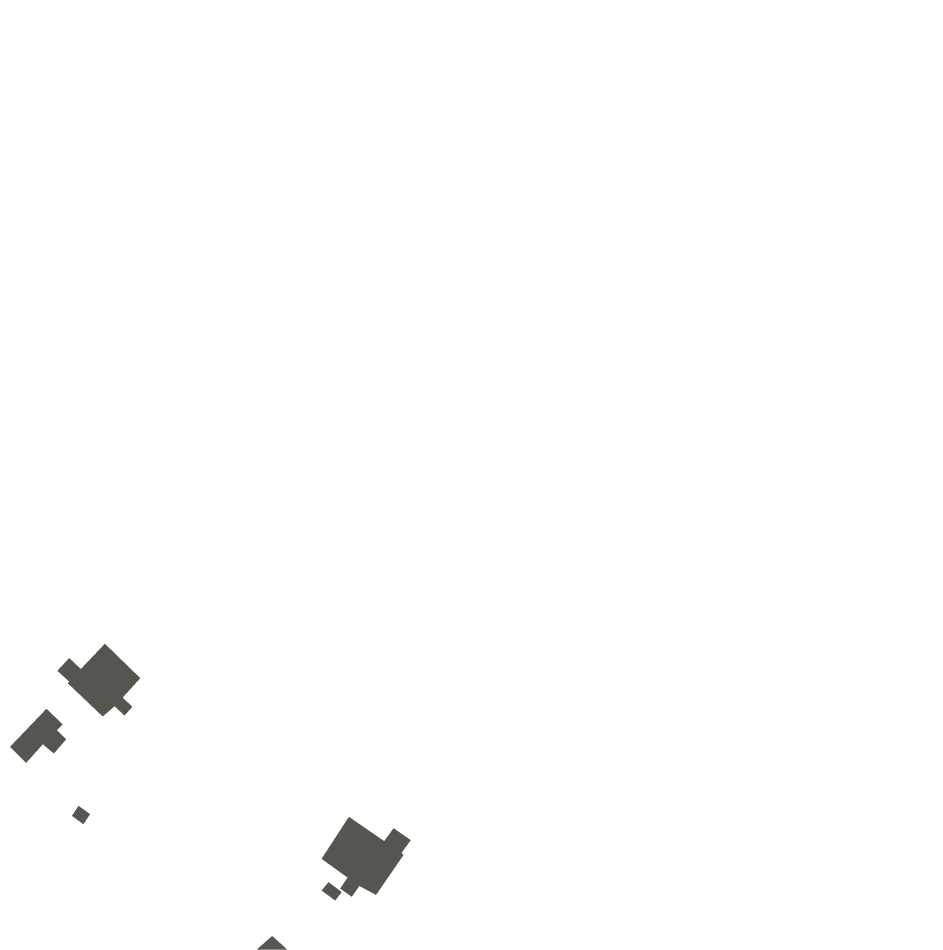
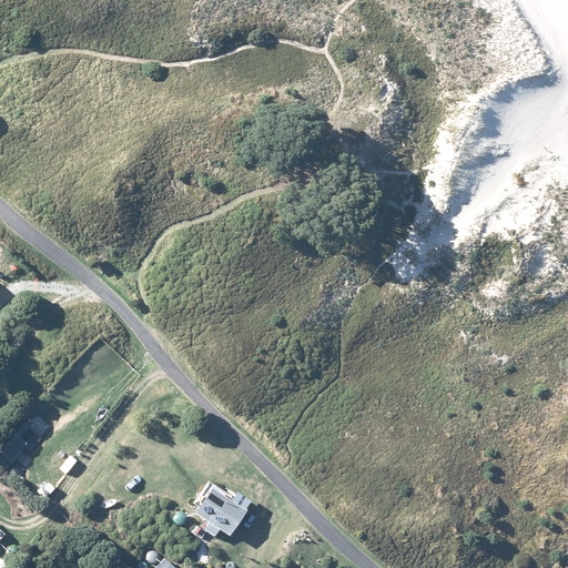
building: [57,643,141,717] -> none

